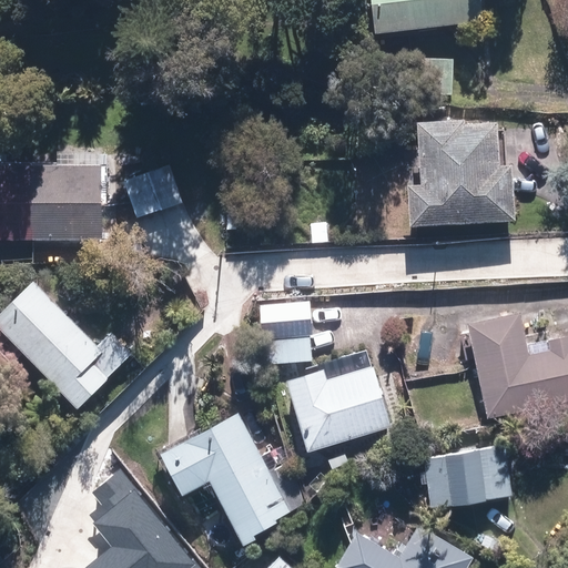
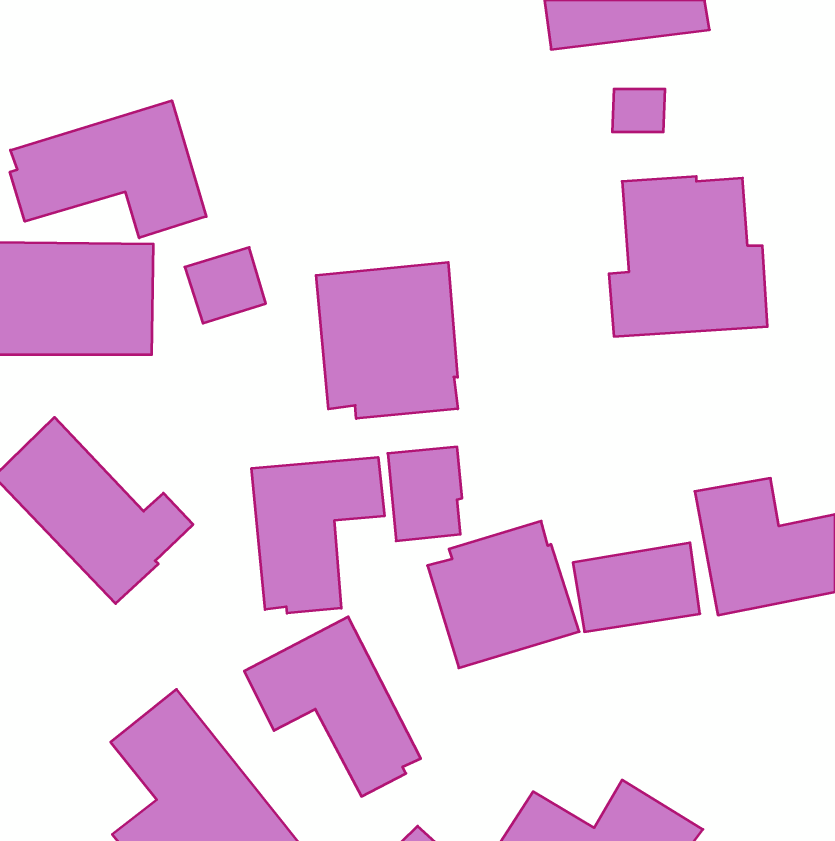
building: none -> [10,101,206,238]
building: none -> [316,262,458,419]
building: none -> [252,457,384,613]
building: [424,447,509,507] -> [573,543,700,632]

